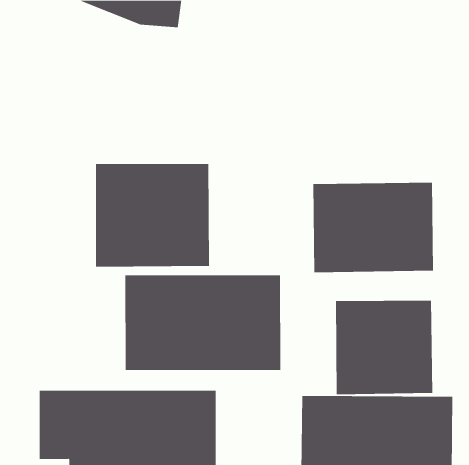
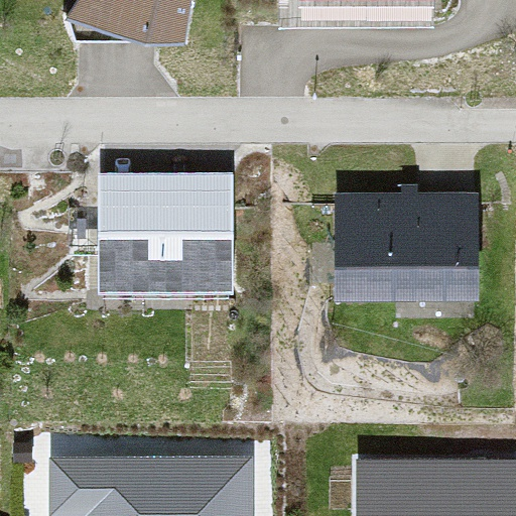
building: [125,275,281,371] -> none
building: [335,300,433,395] -> none

